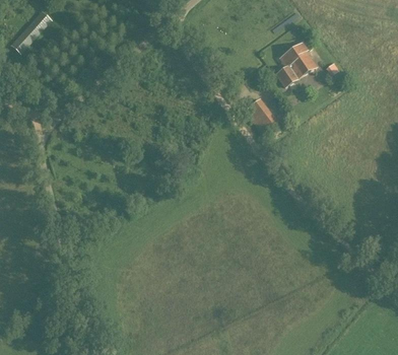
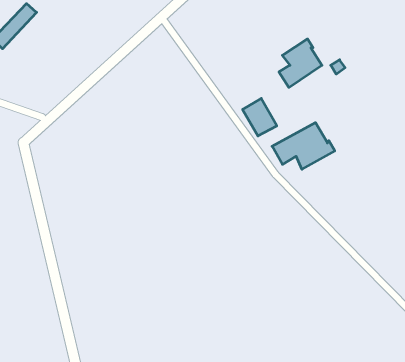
building: none -> [272,123,335,169]

